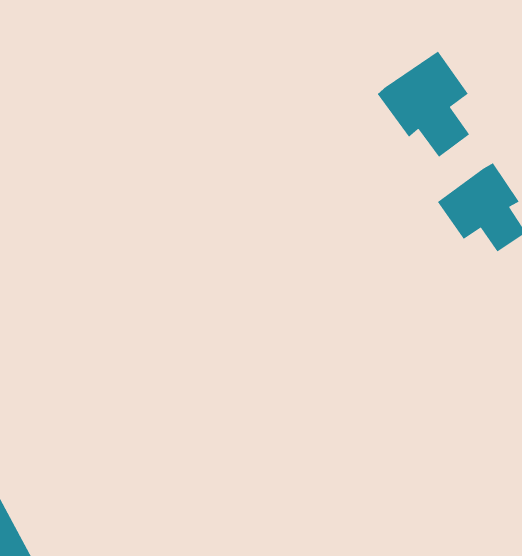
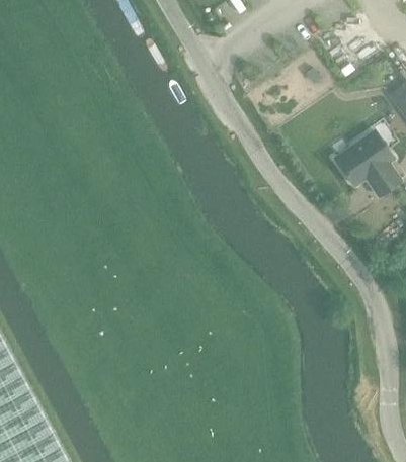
building: [377,51,470,158] -> none

